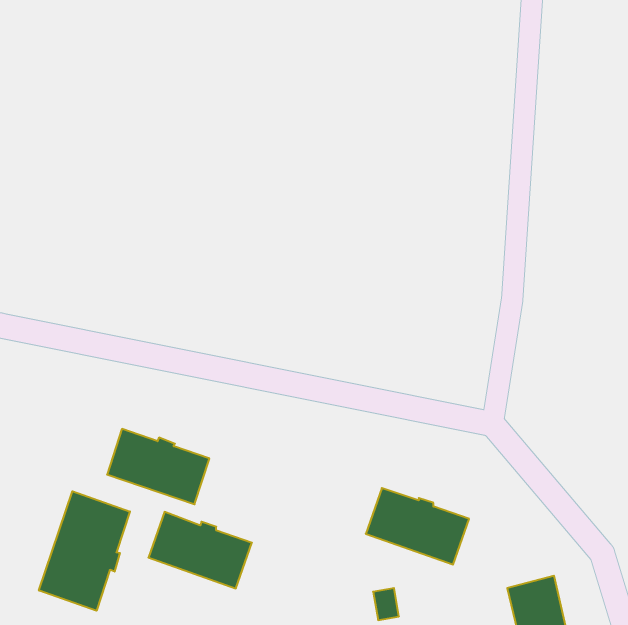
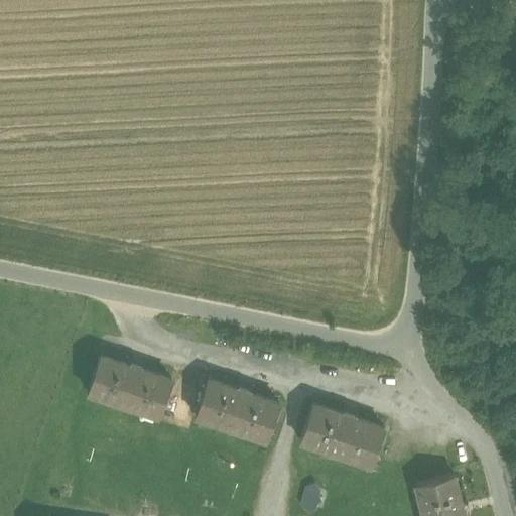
building: [39,491,130,611] -> none
building: [148,512,252,588] -> [196,378,280,440]

